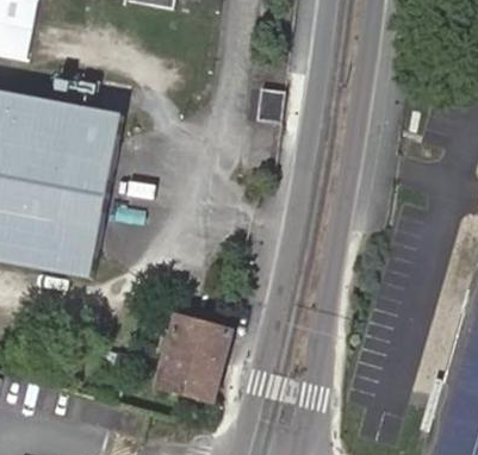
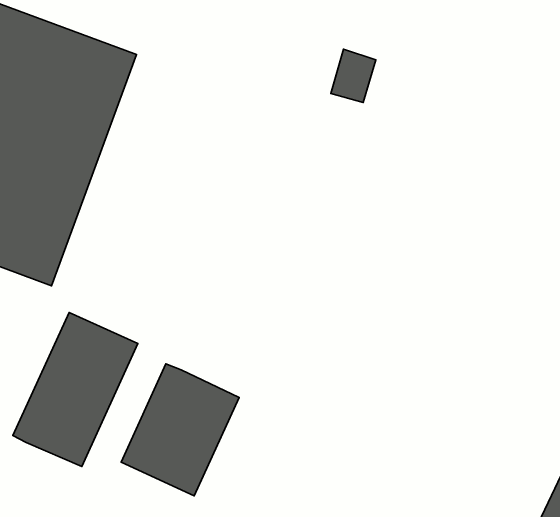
building: none -> [13,312,138,467]

